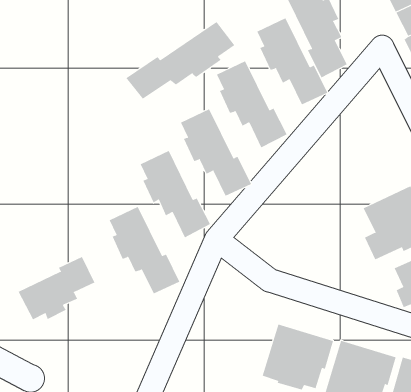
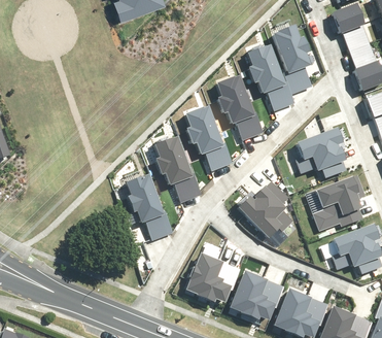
building: [126,21,235,100] -> none
building: none -> [292,130,343,180]
building: none -> [237,182,293,238]
building: [18,256,95,320] -> none
building: none -> [185,252,241,303]

